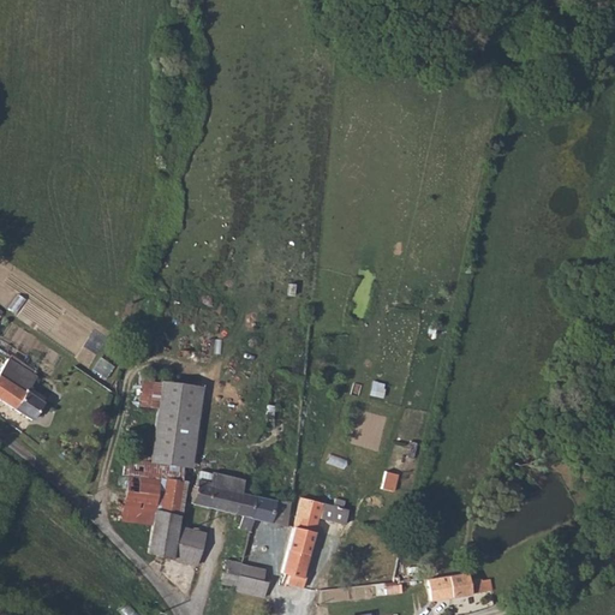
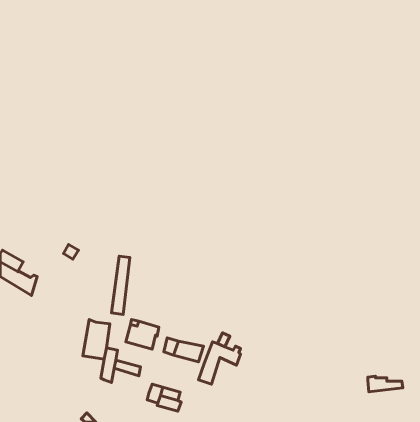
building: [149,370,177,455] -> none
building: [159,471,180,509] -> none
building: [225,488,246,526] -> none
building: [166,536,205,566] -> none
building: [282,553,311,598] -> none
building: [443,572,494,595] -> [368,376,403,392]

